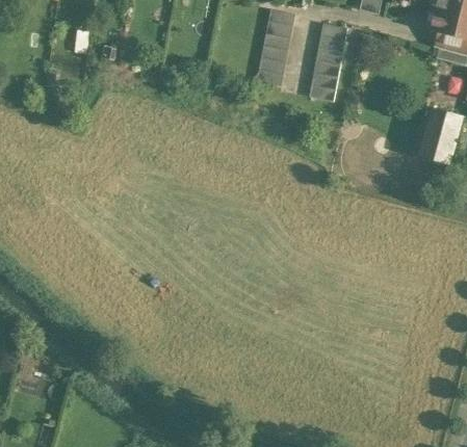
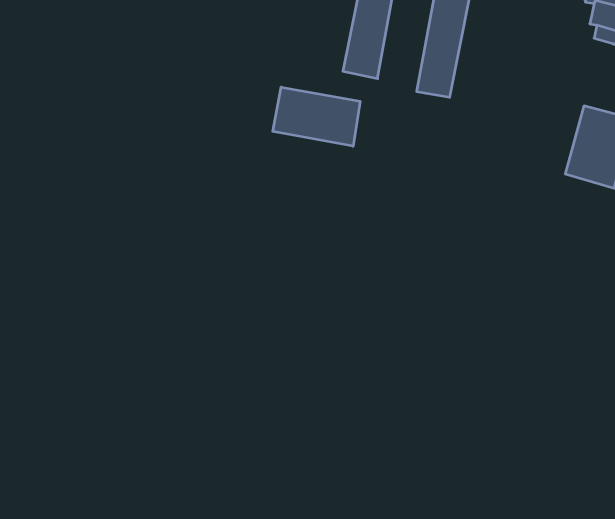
building: none -> [273,87,360,146]

